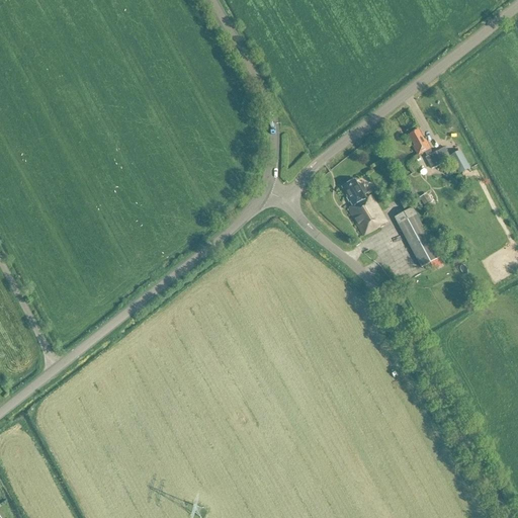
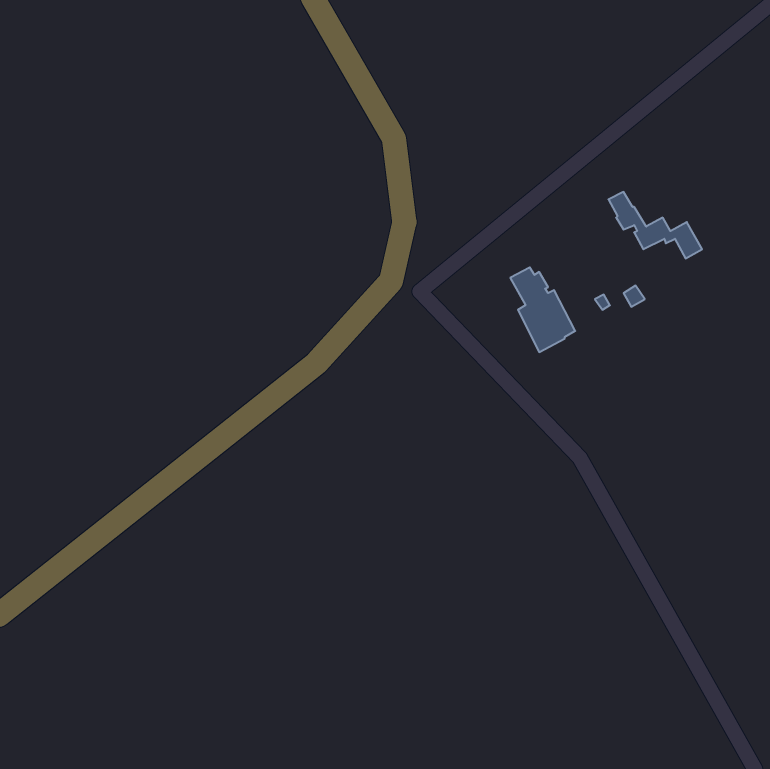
building: [395,206,439,266] -> none

